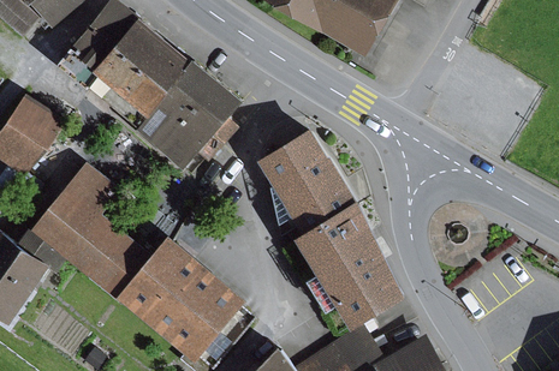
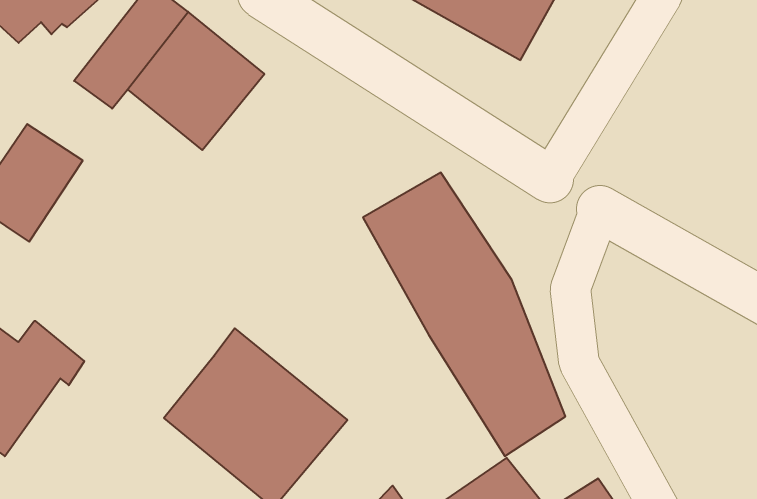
building: [132,59,238,168] -> none
building: [30,164,154,300] -> none

